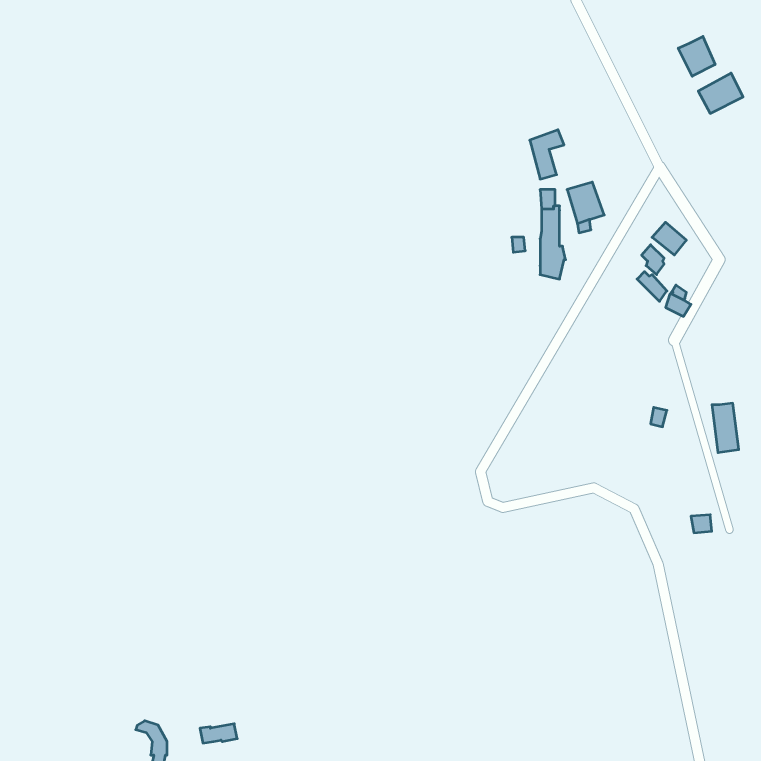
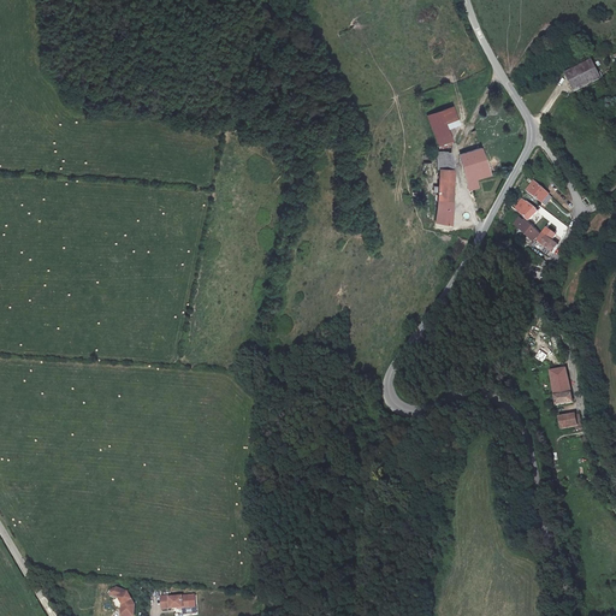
building: [678,36,715,76] -> none
building: [712,403,739,453] -> [550,366,571,405]

